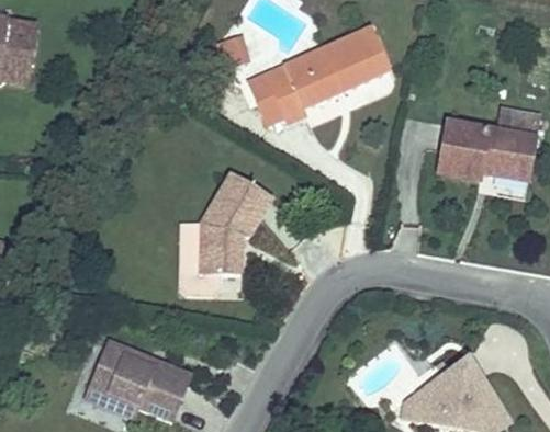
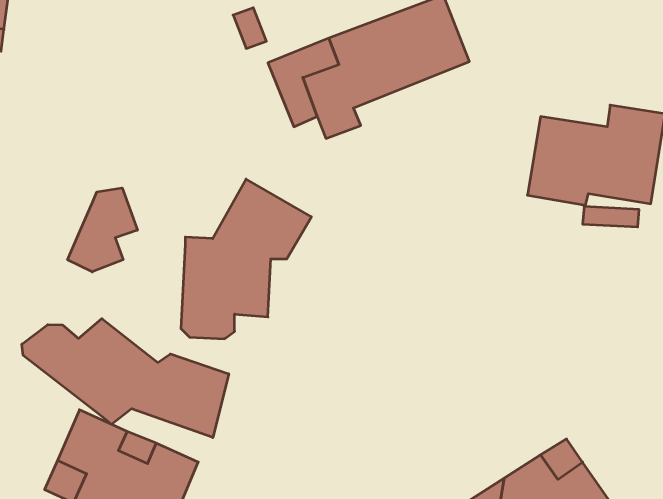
building: none -> [68,188,137,272]
building: none -> [22,319,229,438]

